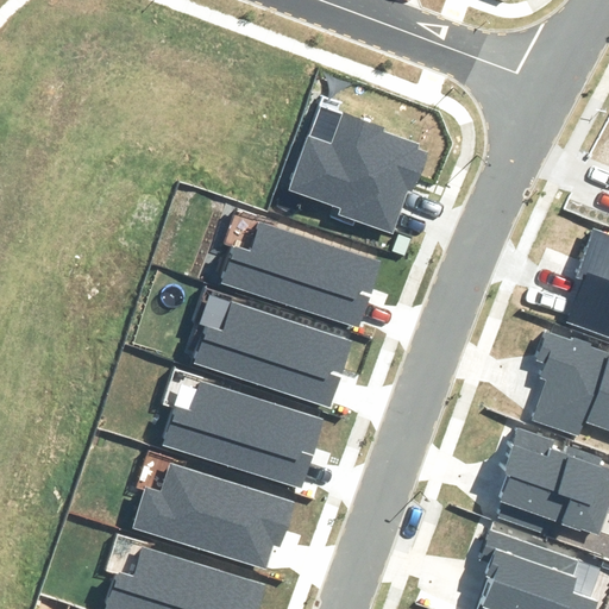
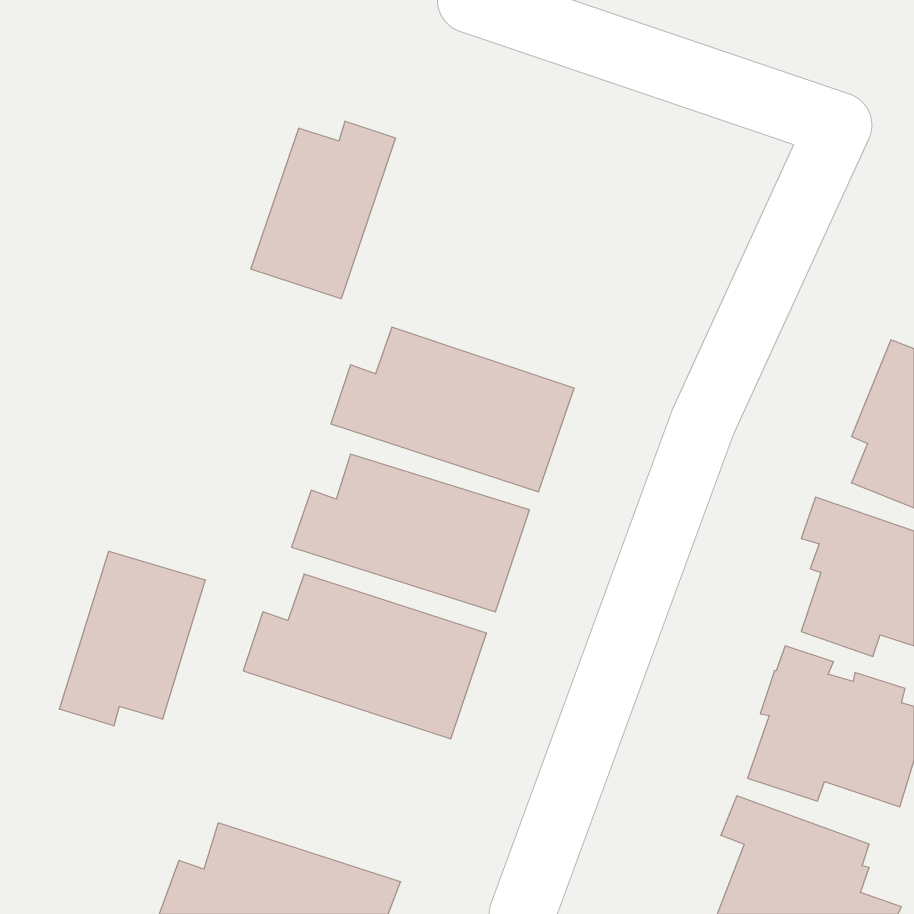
building: none -> [251,121,396,299]
building: [290,108,426,233] -> none
building: none -> [59,551,205,726]
building: [132,464,294,569] -> none

